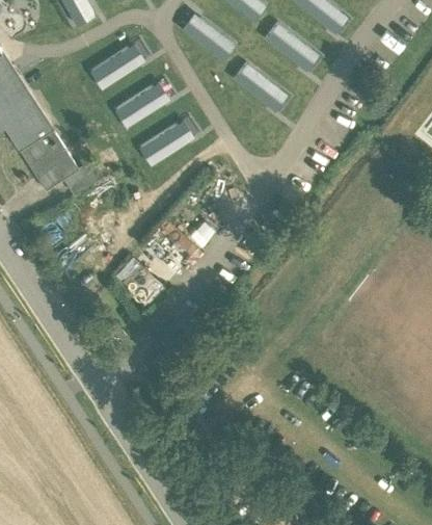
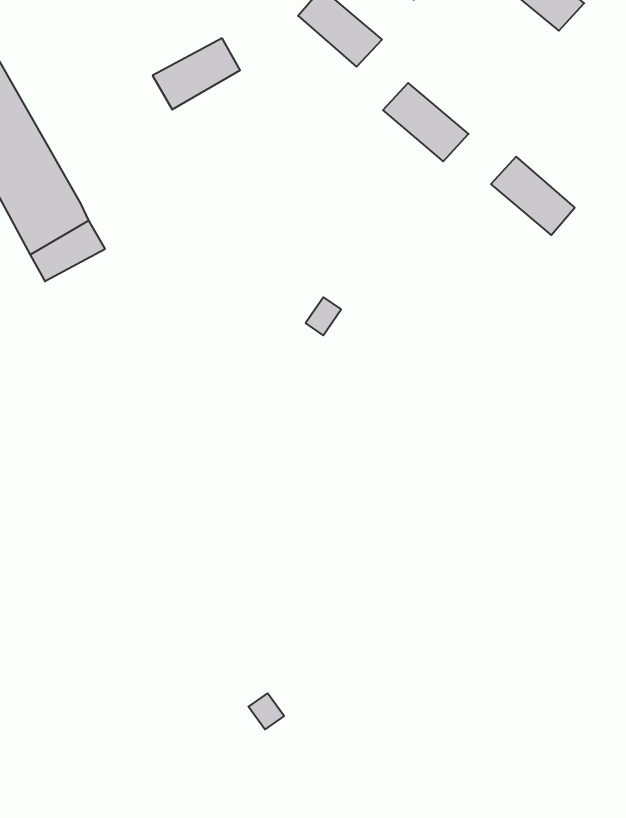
building: [263,22,312,65] -> [491,157,575,235]
building: [123,80,172,123] -> none
building: [147,117,197,160] -> none

